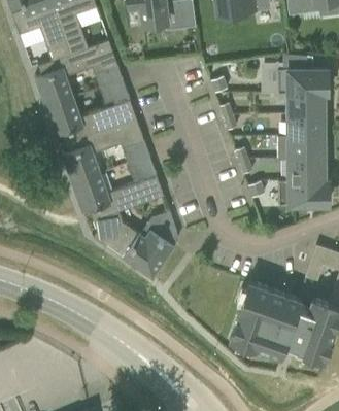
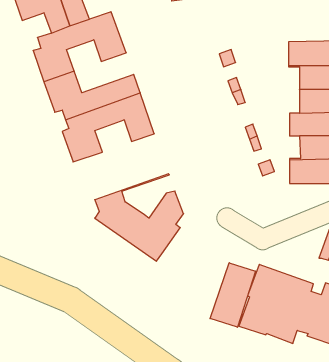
building: [72,157,163,219] -> none
building: none -> [210,263,255,327]

